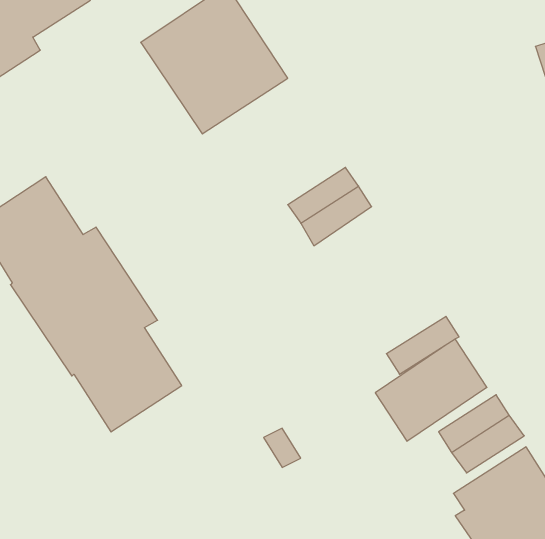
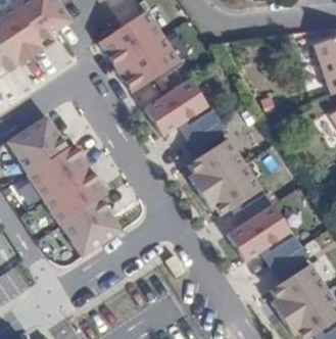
building: none -> [143,81,205,136]
building: none -> [186,139,259,214]

